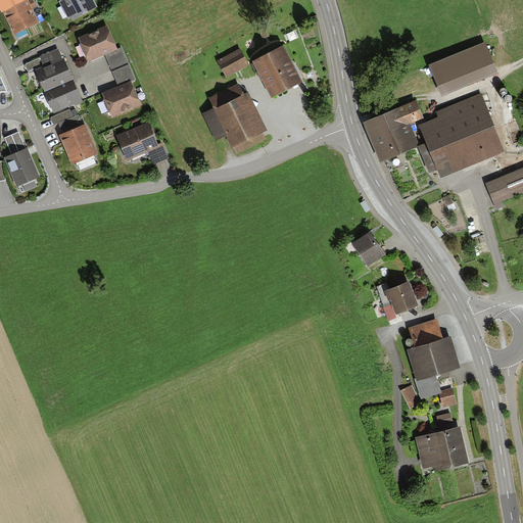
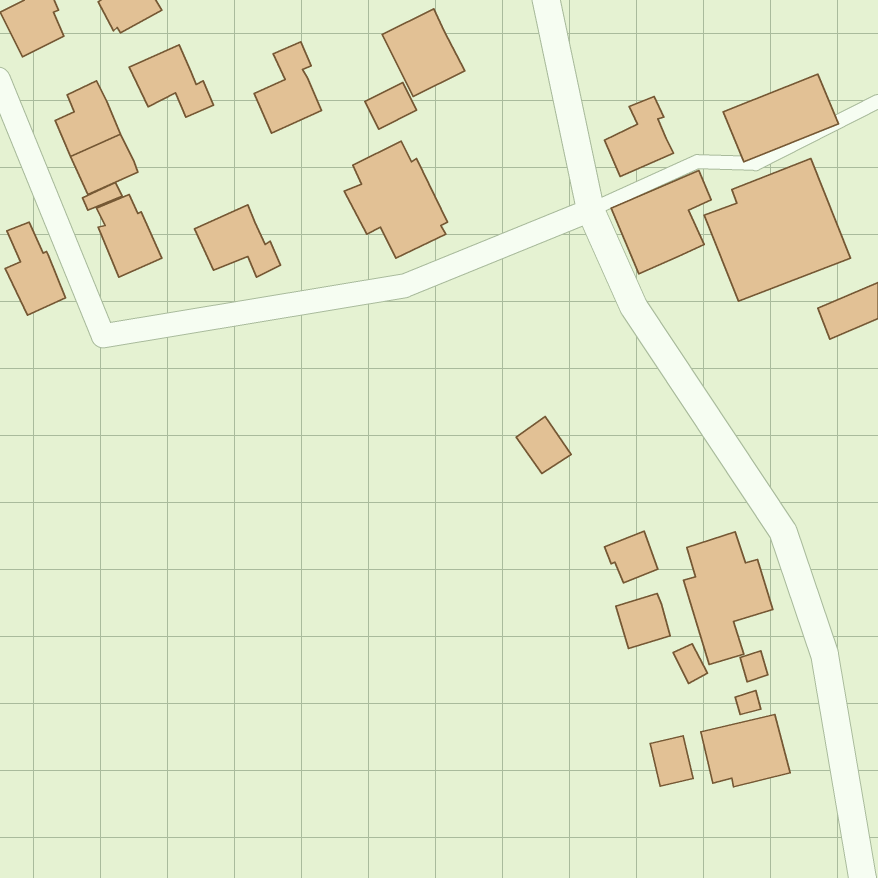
building: [252,48,301,100] -> [382,9,465,97]
building: none -> [604,97,674,176]
building: [100,64,140,118] -> [254,42,321,133]
building: [351,227,384,260] -> [516,417,571,473]
building: [384,277,416,307] -> [604,531,658,583]
building: none -> [616,593,670,649]
building: none -> [650,736,693,786]

